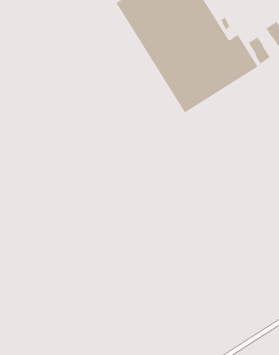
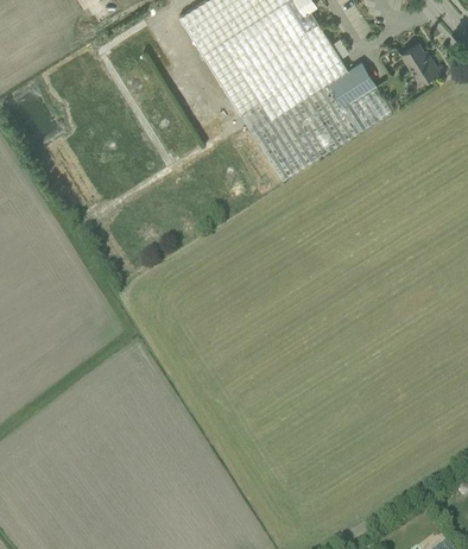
building: [248,37,270,64] -> none

